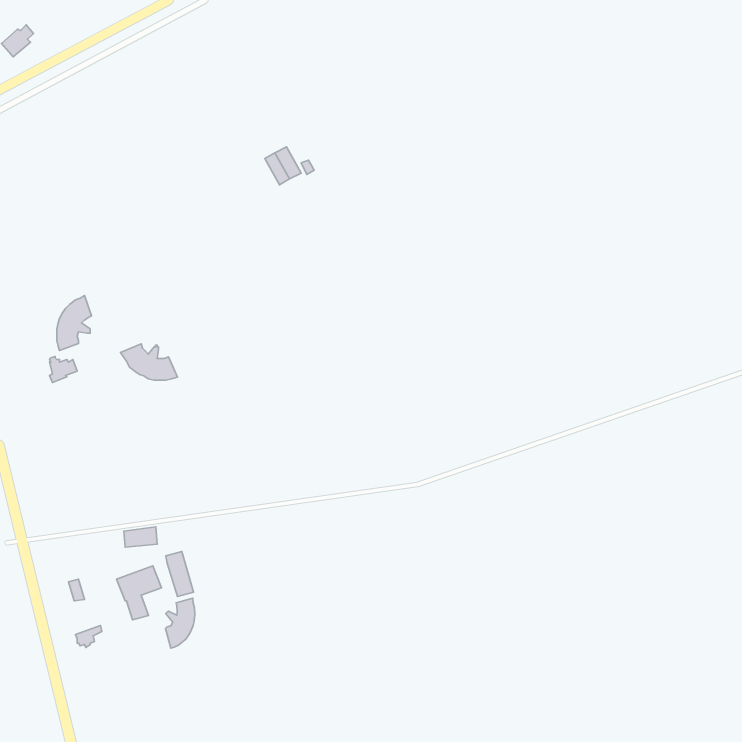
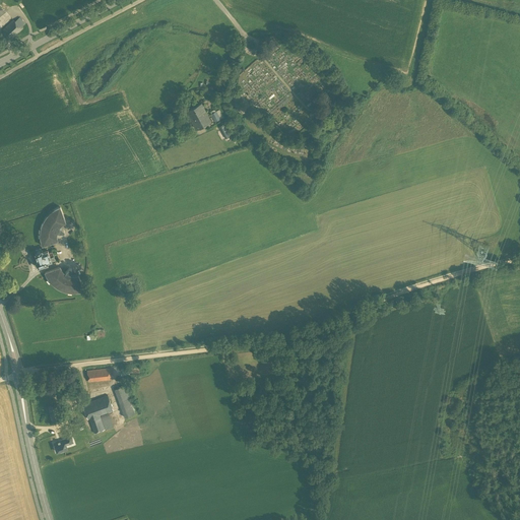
building: [121,344,177,380] -> [44,267,83,292]
building: [165,598,195,648] -> none

